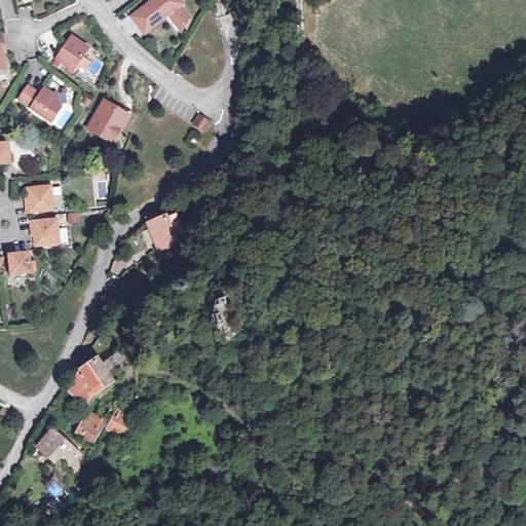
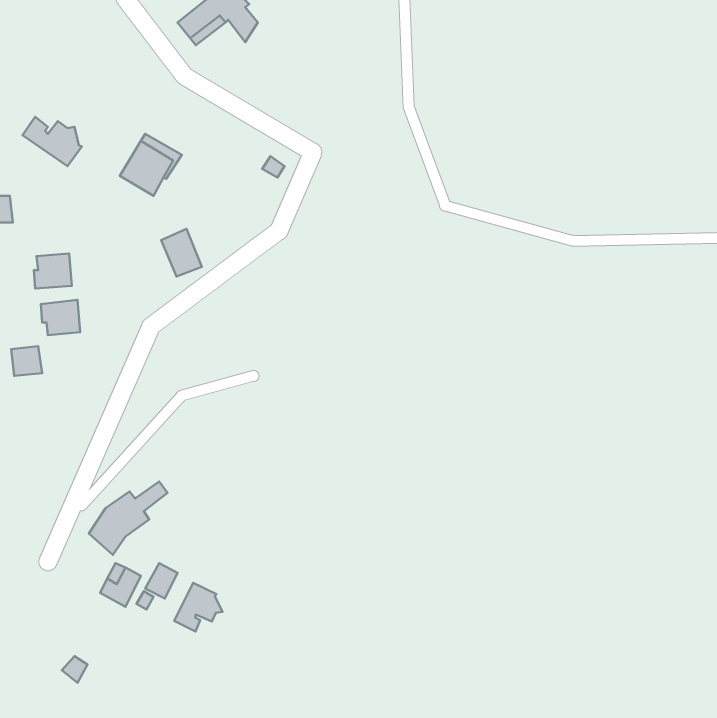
building: [54,36,87,67] -> none
building: [147,215,177,250] -> [161,229,202,277]
building: none -> [174,583,222,632]
building: [36,428,78,464] -> none

